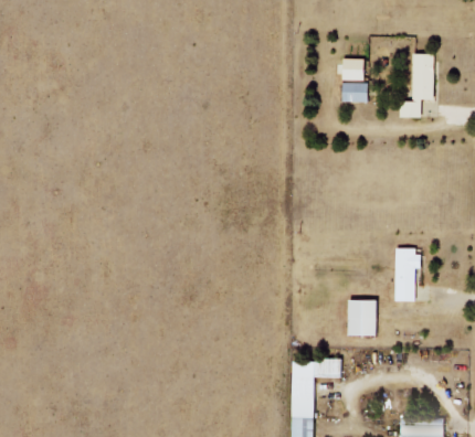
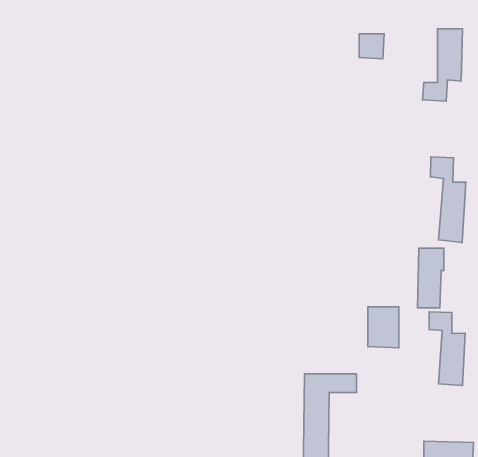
building: [341,83,367,103] -> none
building: none -> [430,157,466,242]
building: none -> [429,312,465,386]

